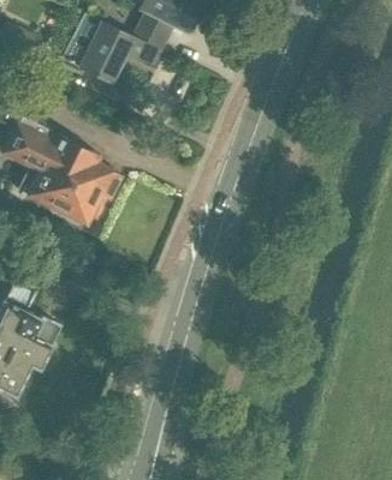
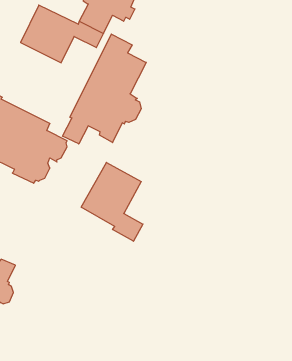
building: none -> [63,34,146,144]
building: none -> [81,162,143,241]

